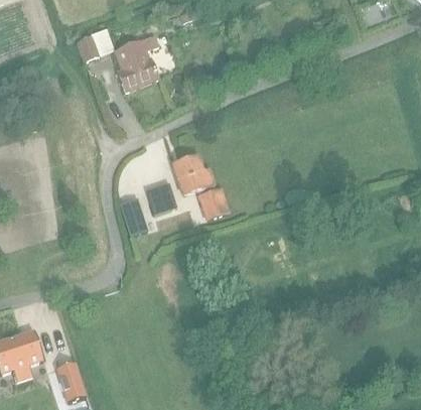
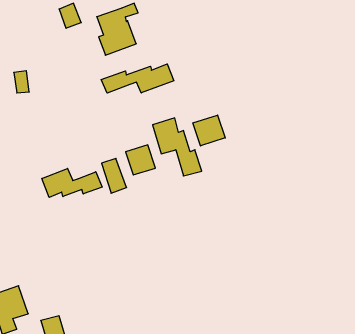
building: none -> [101,64,174,93]
building: none -> [193,115,225,146]
building: none -> [42,168,102,197]

